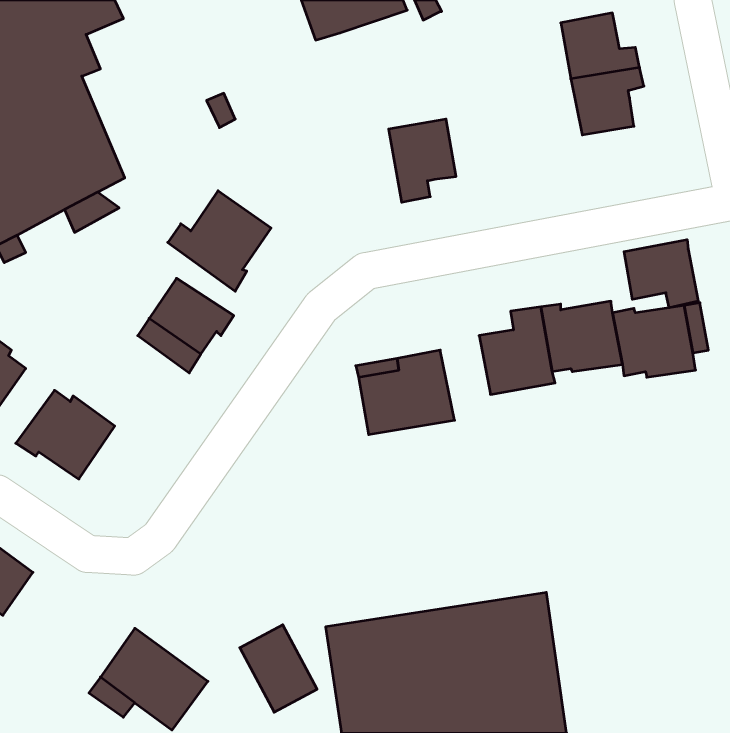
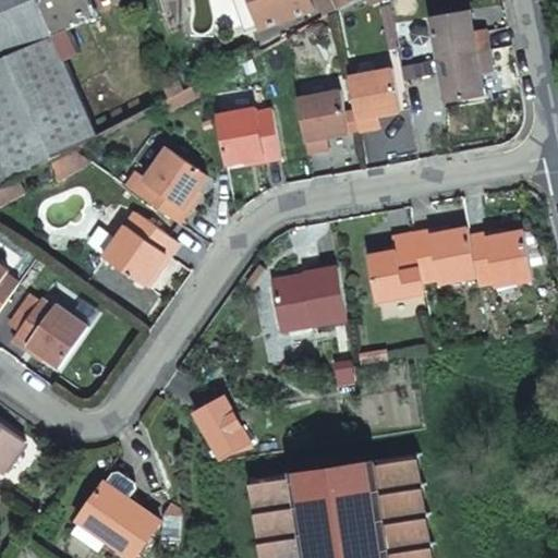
building: none -> [347,70,398,131]
building: none -> [216,106,279,161]
building: [624,240,698,308] -> none
building: [240,625,317,712] -> [187,392,246,459]

